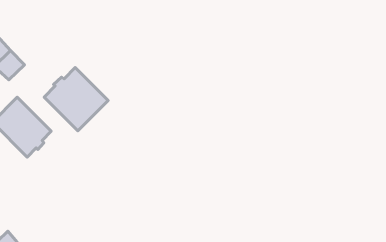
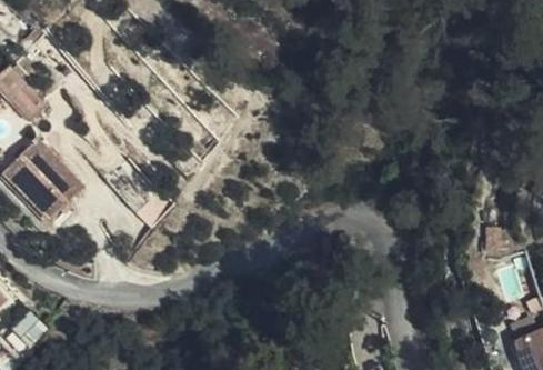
building: [44,68,108,131] -> none

